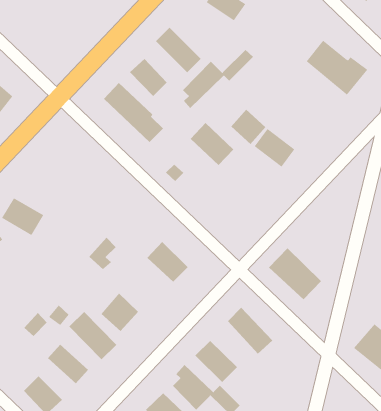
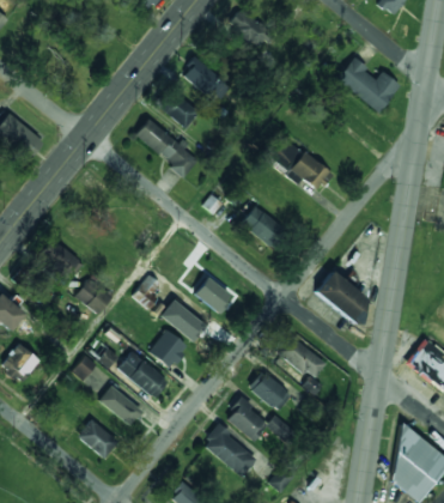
building: [182,49,254,109] -> none
building: [190,122,234,166] -> [241,206,286,249]
building: none -> [75,278,112,315]
building: none -> [175,305,213,344]

